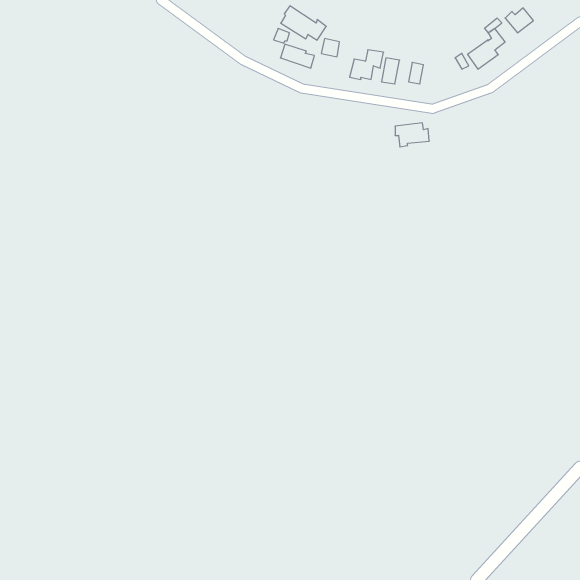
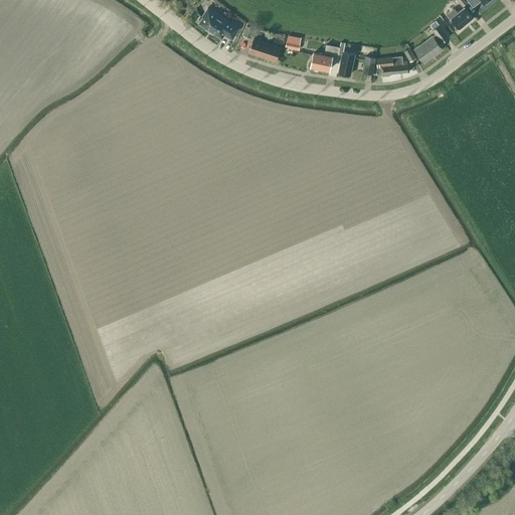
building: [281,6,326,40] -> [199,8,239,38]
building: [395,123,429,147] -> [377,55,407,76]

